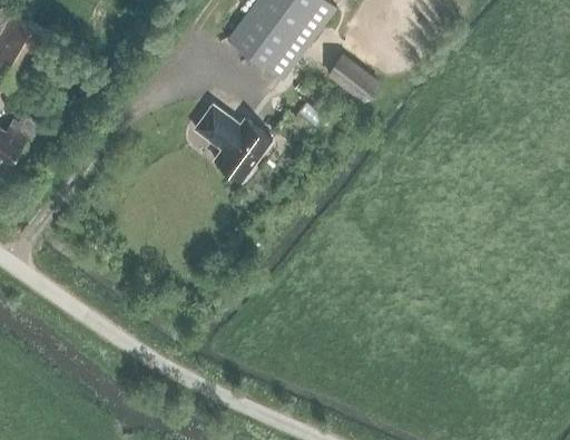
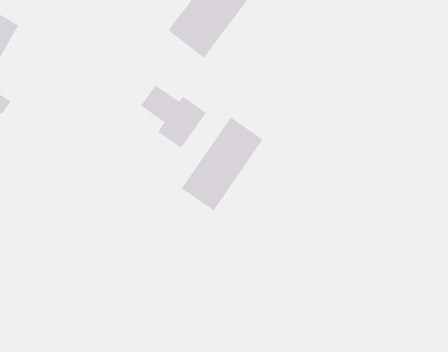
building: [324,55,379,105] -> none
building: none -> [181,116,263,211]

